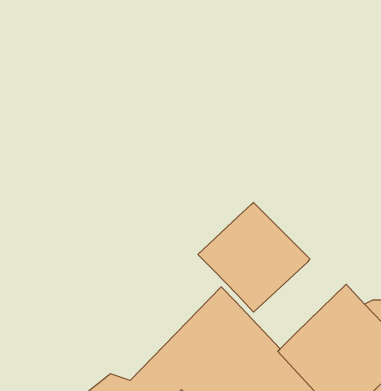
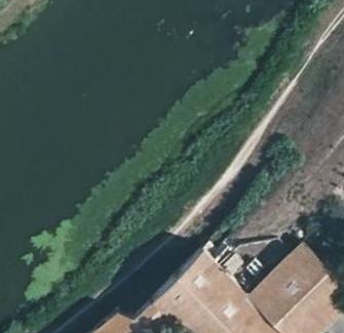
building: [198,202,310,312] -> none

